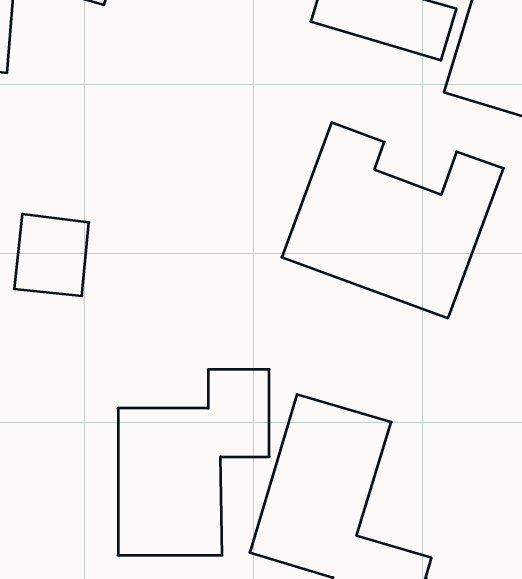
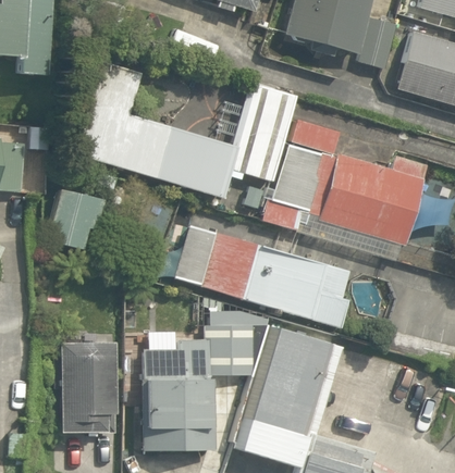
building: none -> [76,72,302,199]
building: none -> [167,209,357,328]
building: none -> [59,336,113,434]

